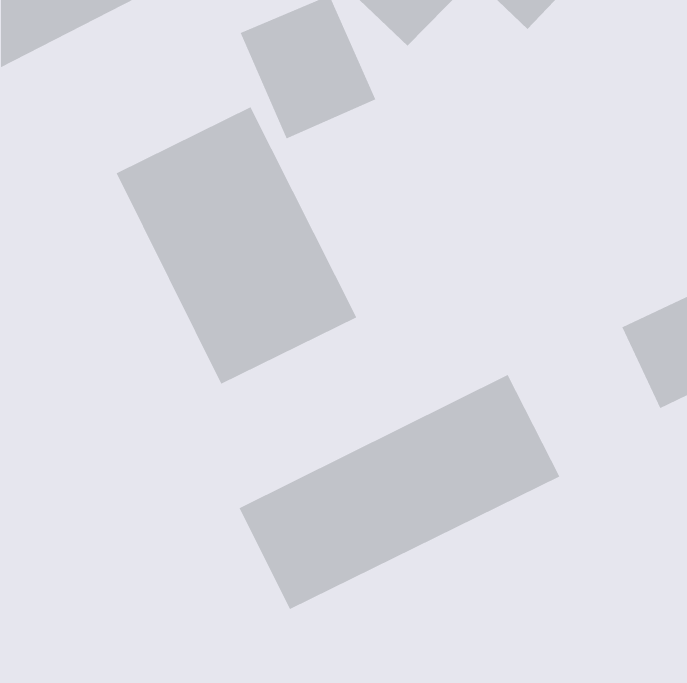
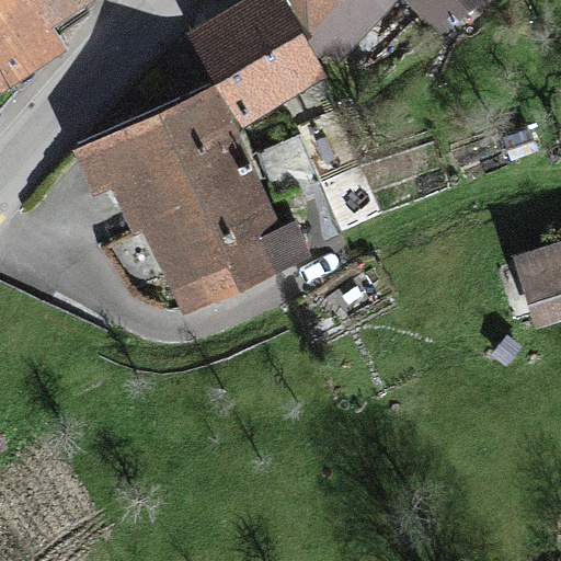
building: [239,374,560,610] -> none

